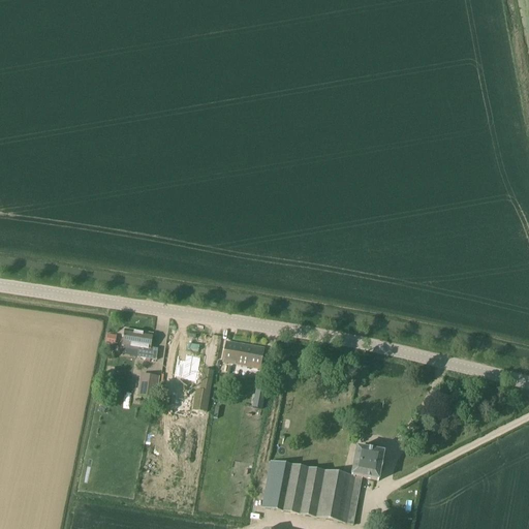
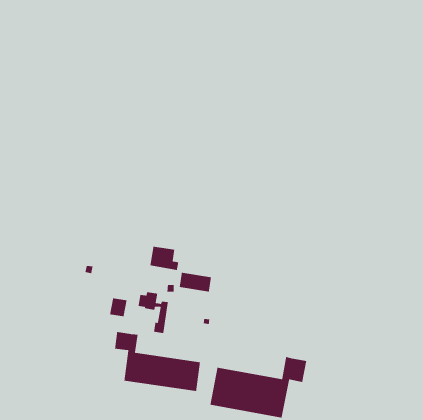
building: [121,326,158,357] -> [149,246,179,271]
building: none -> [114,331,201,392]

